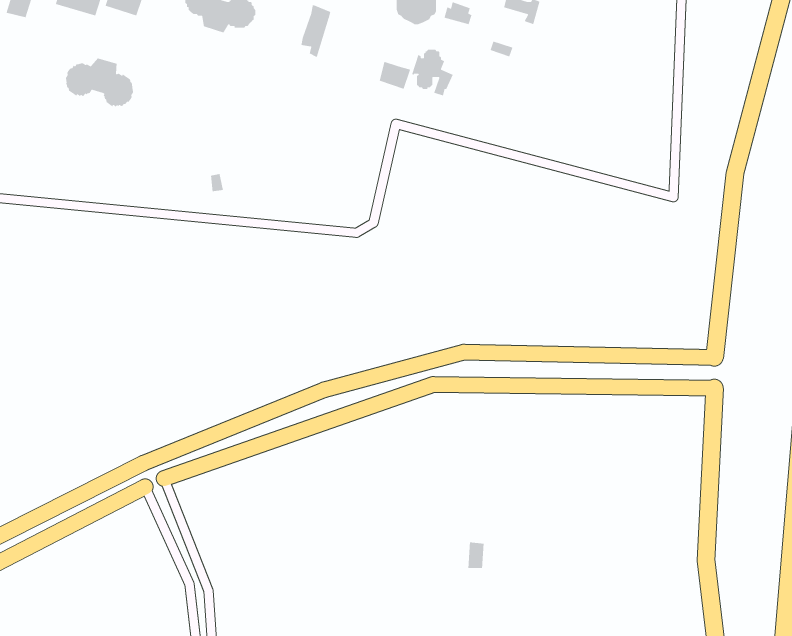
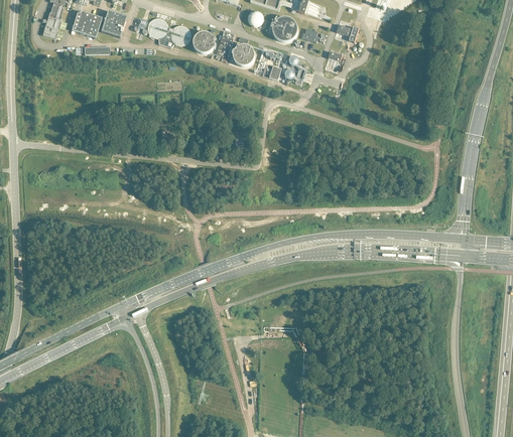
building: none -> [193,32,215,53]
building: none -> [231,45,254,66]
building: [65,58,134,108] -> none

